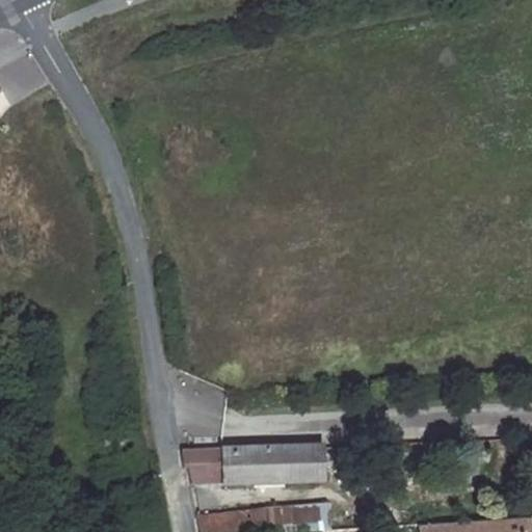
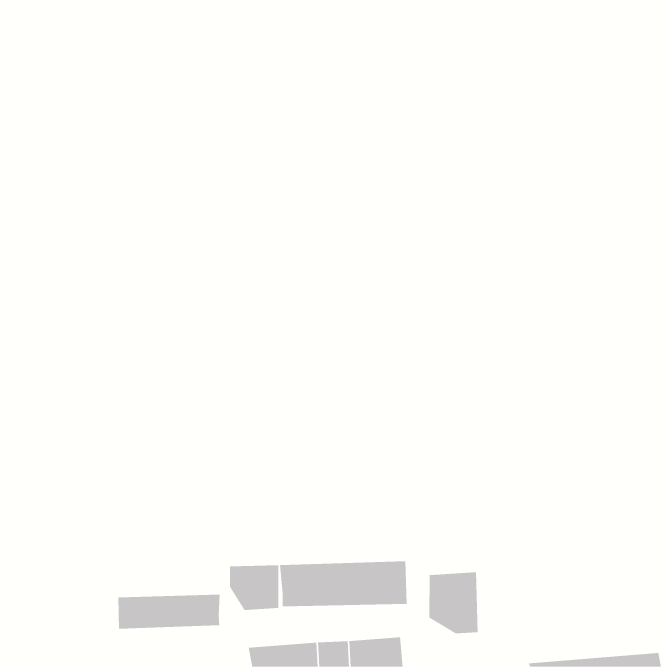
building: none -> [429,572,478,634]
building: none -> [118,594,220,629]

